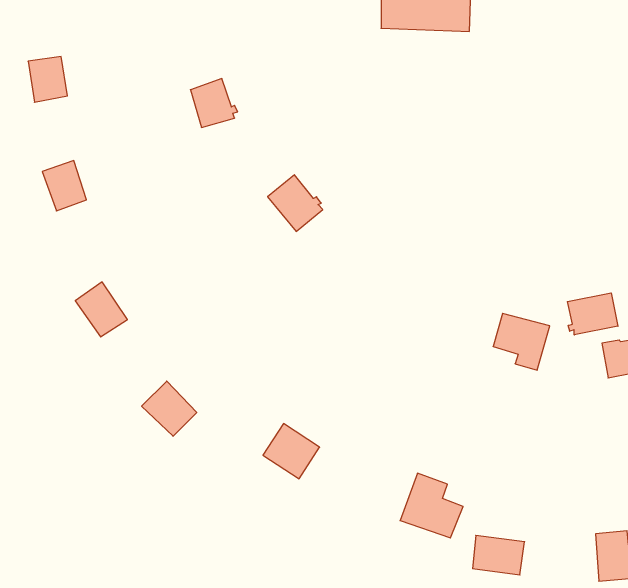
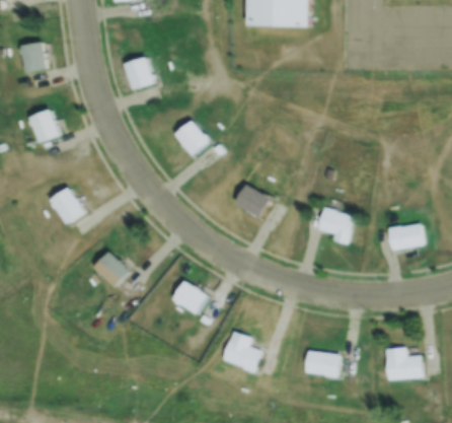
building: none -> [234,184,271,217]
building: [567,293,618,335] -> none
building: [400,473,463,538] -> [222,330,262,371]

